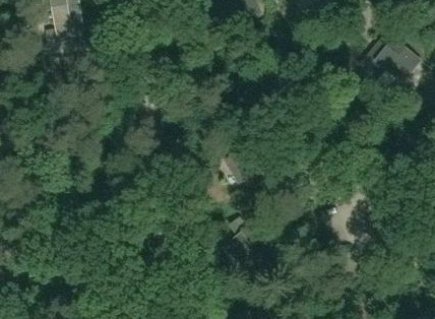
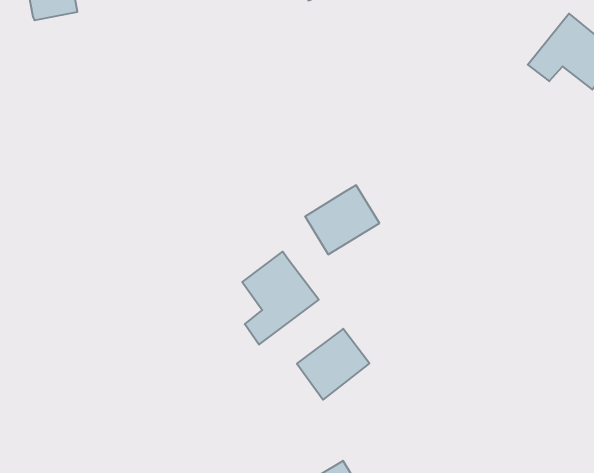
building: none -> [242,252,319,345]

